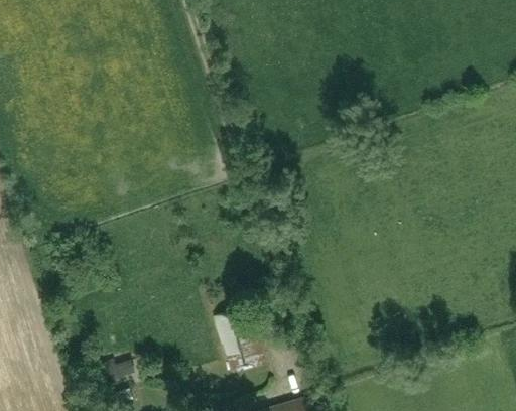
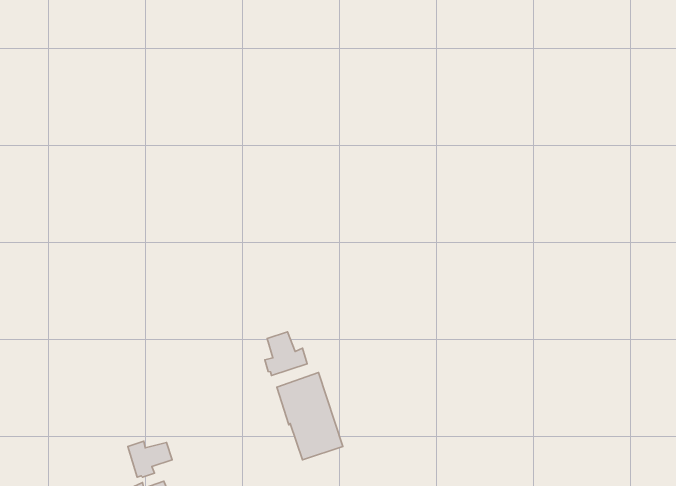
building: none -> [265,332,307,376]

